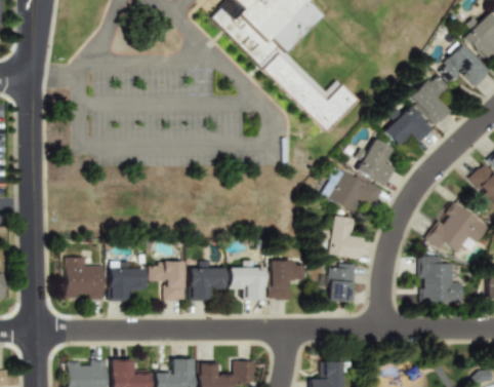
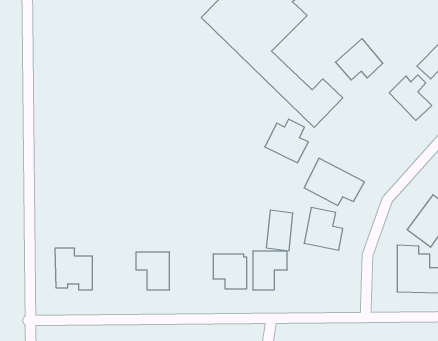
building: [384,104,434,147] -> [335,39,383,80]
building: [353,140,398,185] -> [265,119,308,163]
building: [108,262,143,302] -> none
building: [329,262,357,304] -> [266,210,293,251]
building: [189,267,223,300] -> none

